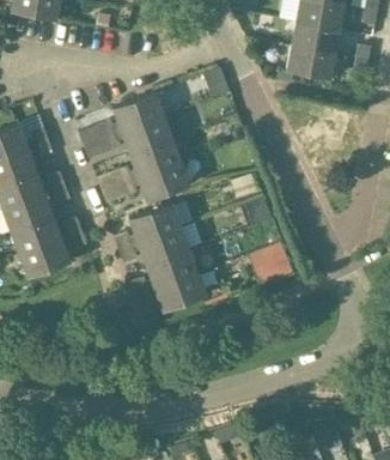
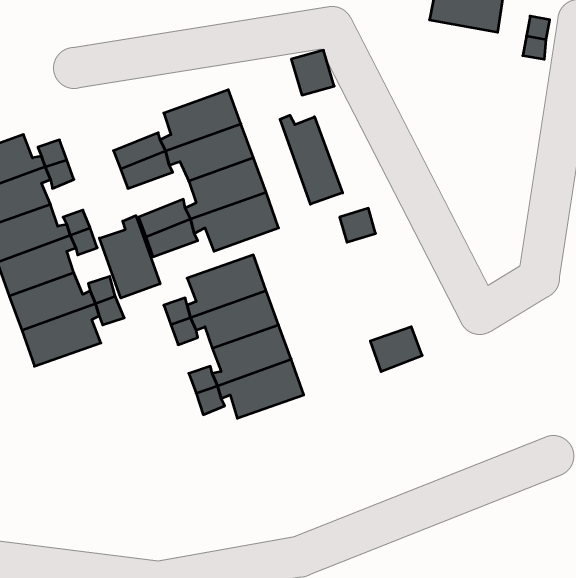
building: [287,47,336,79] -> none
building: none -> [280,115,343,204]
building: none -> [99,216,160,298]

